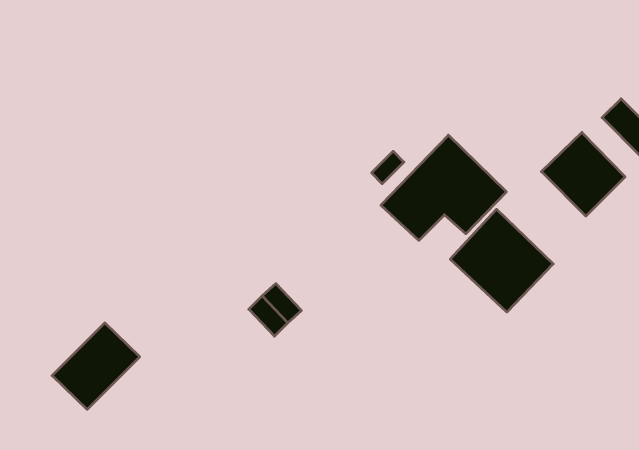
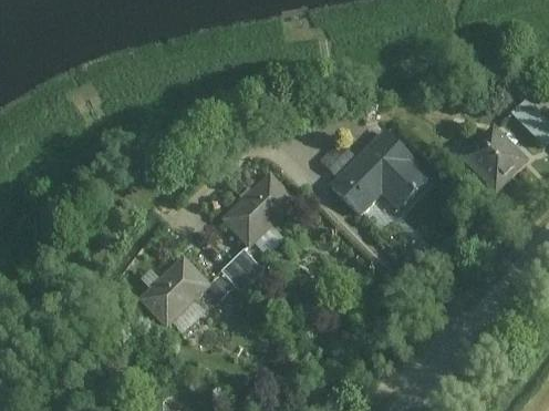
building: none -> [220,172,299,248]
building: [450,209,553,312] -> none
building: [52,323,140,409] -> [138,256,210,327]

